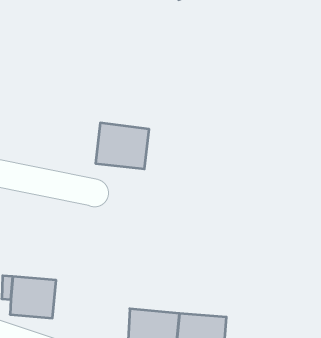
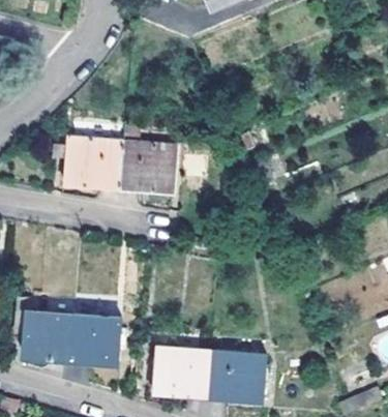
building: none -> [67,135,126,186]
building: none -> [72,318,123,363]

